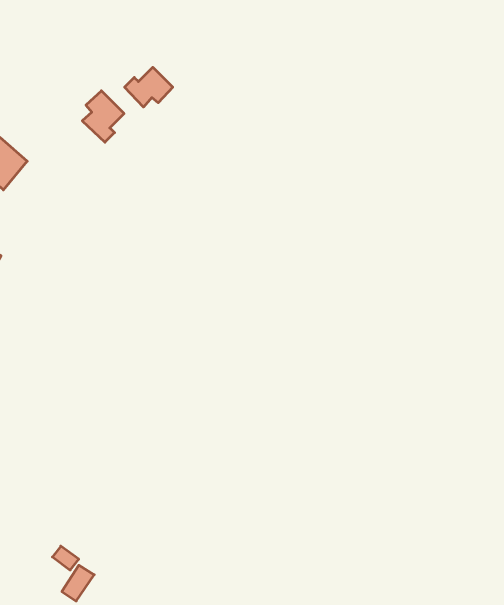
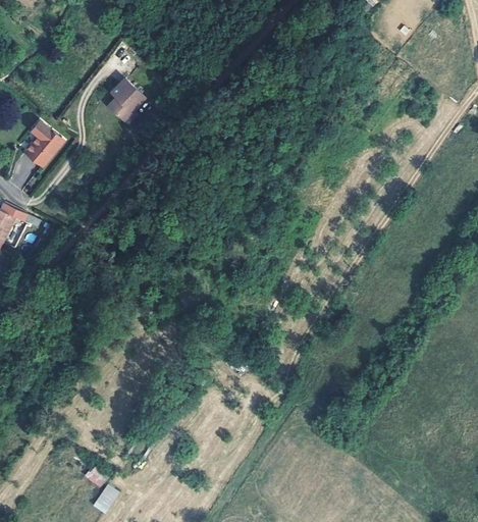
building: [125,67,173,107] -> none

